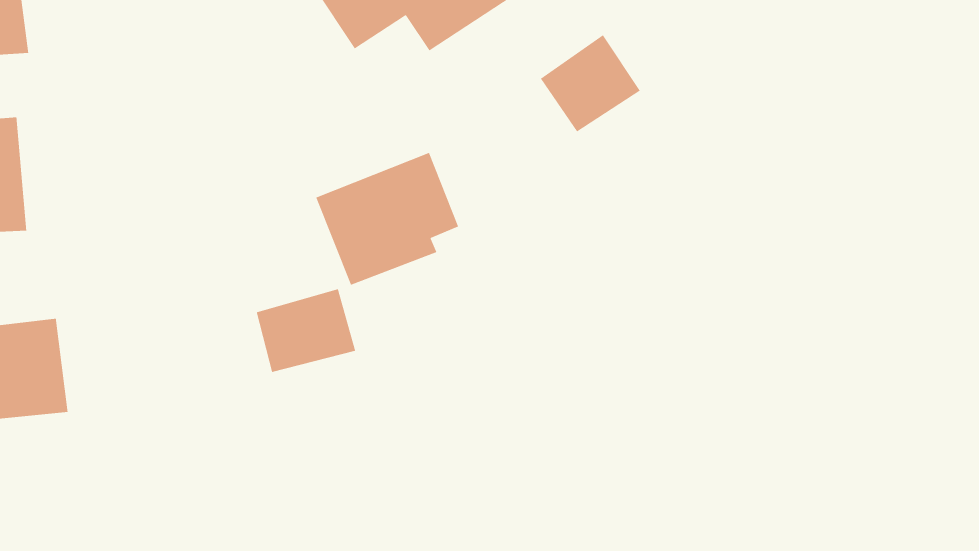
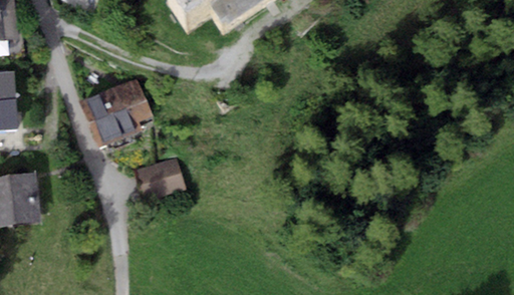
building: [540,34,641,133] -> none
building: [315,152,459,286] -> [79,75,153,143]

